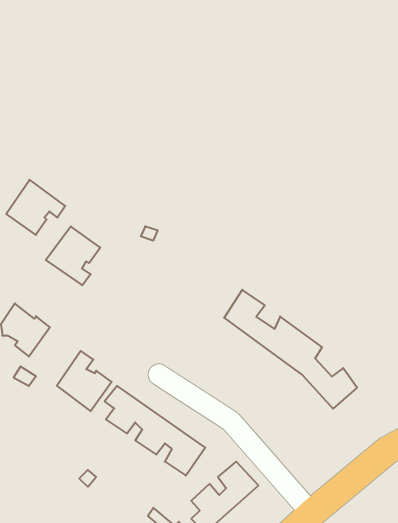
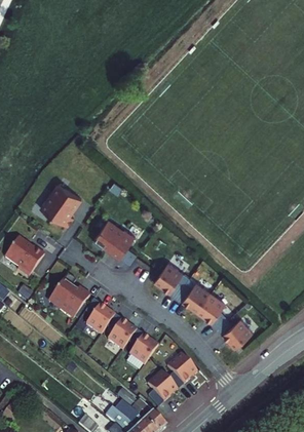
building: [6,180,65,235] -> none
building: none -> [93,220,135,257]
building: [224,290,357,409] -> [154,261,252,348]

